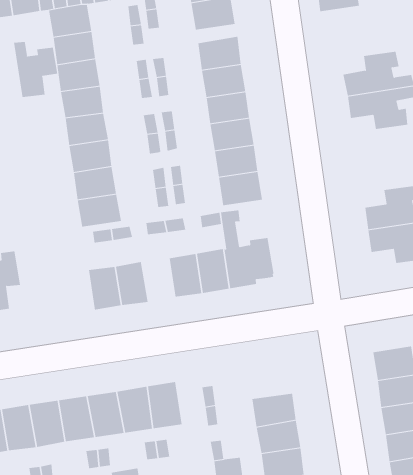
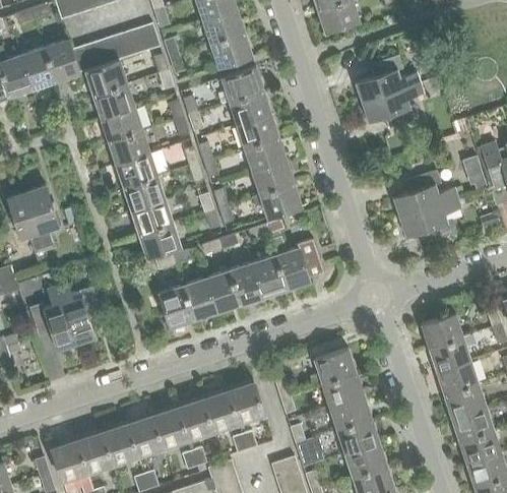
building: [13,41,58,98] -> none
building: none -> [204,271,239,313]
building: none -> [311,348,357,386]

